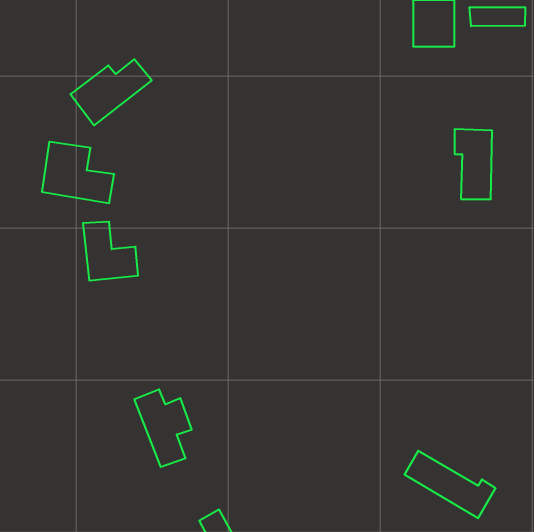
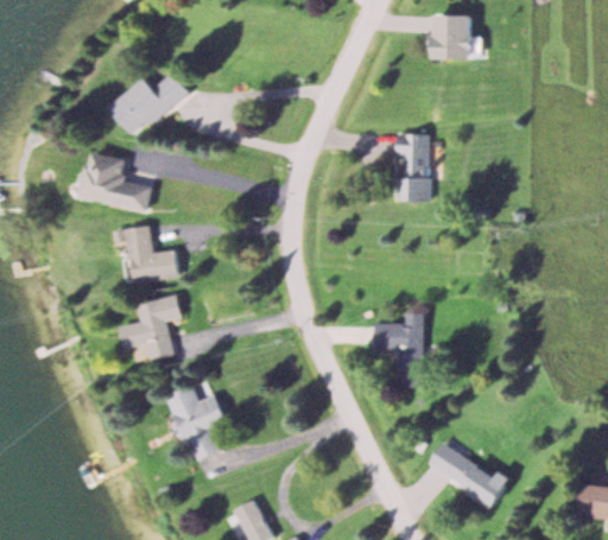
building: [469,7,525,26] -> none
building: [455,129,492,199] -> [392,134,428,201]
building: none -> [120,297,178,361]
building: none -> [373,312,423,387]

